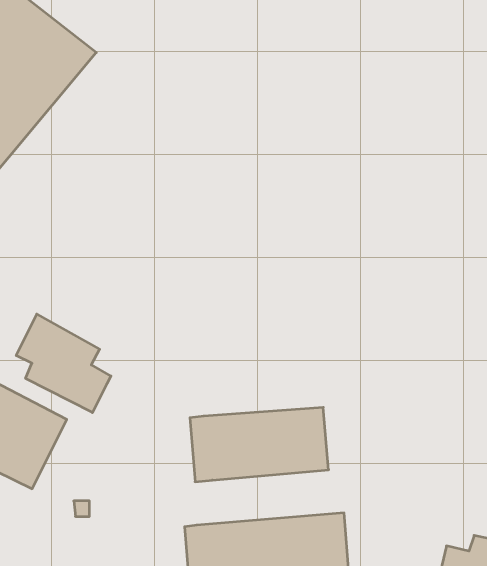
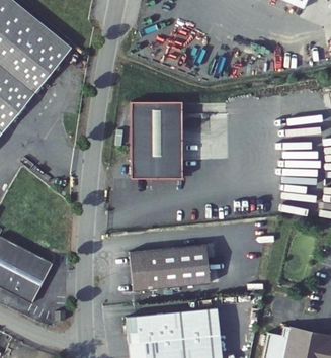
building: none -> [132,100,186,180]
building: [16,314,111,413] -> none

